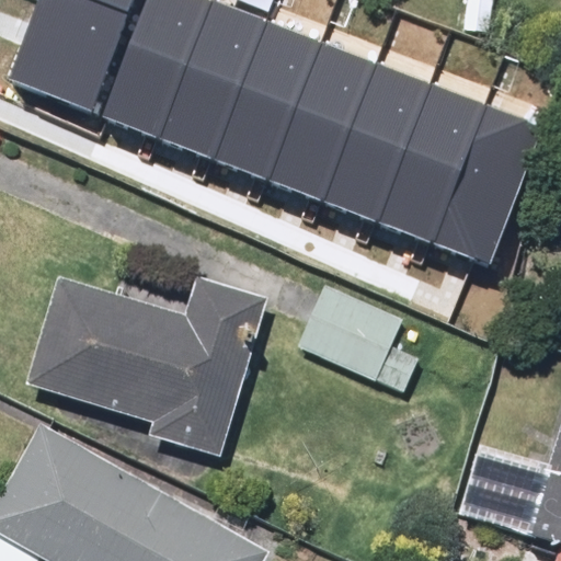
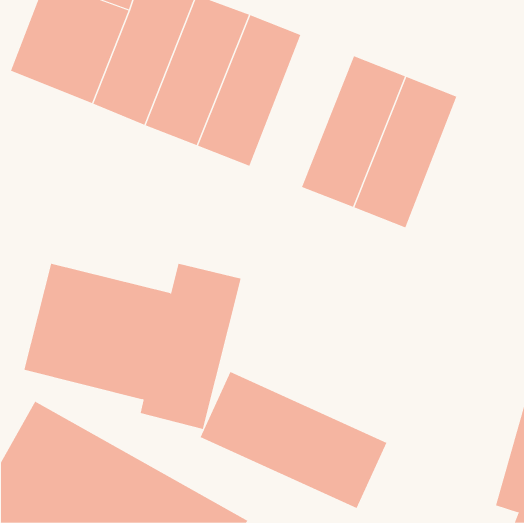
building: [267,37,378,199] -> none
building: [434,103,545,264] -> none
building: [294,288,416,400] -> none
building: none -> [200,371,387,509]

